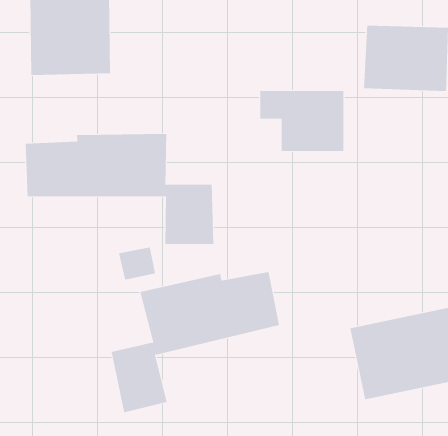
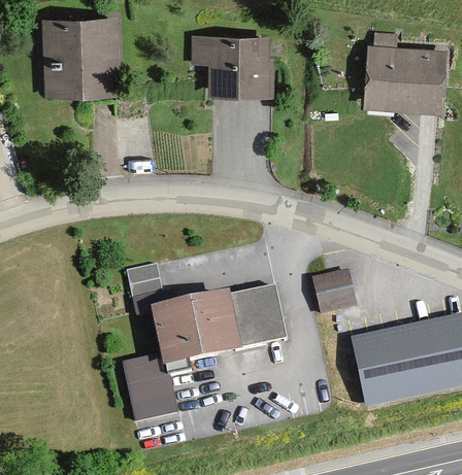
building: [260,90,344,151] -> [189,35,270,94]
building: [25,133,214,245] -> none
building: none -> [311,270,357,317]

